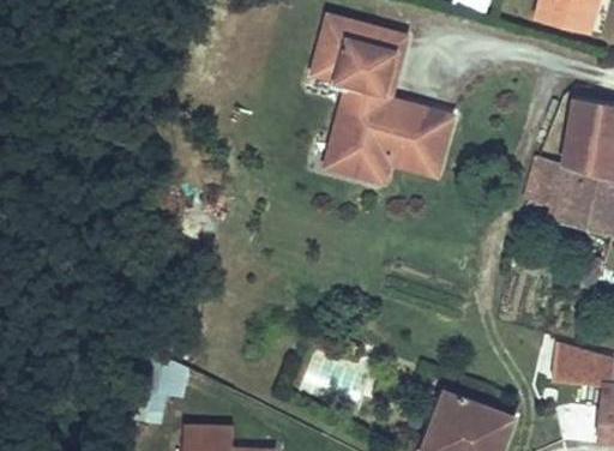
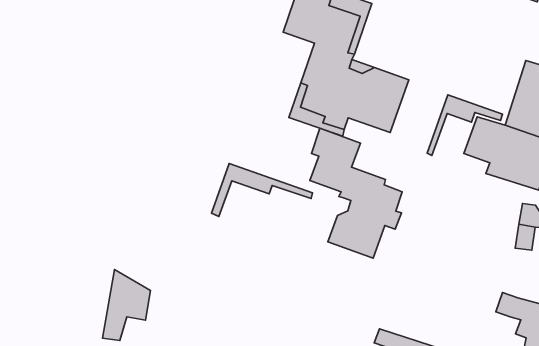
building: none -> [427,95,502,156]
building: none -> [310,128,402,258]
building: none -> [211,163,312,217]

